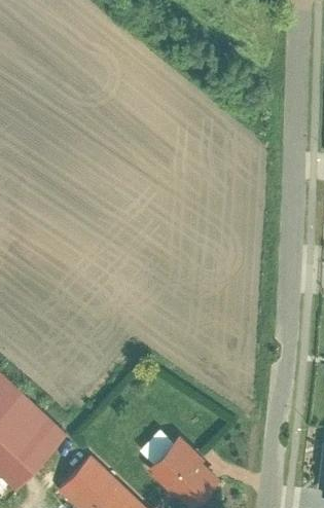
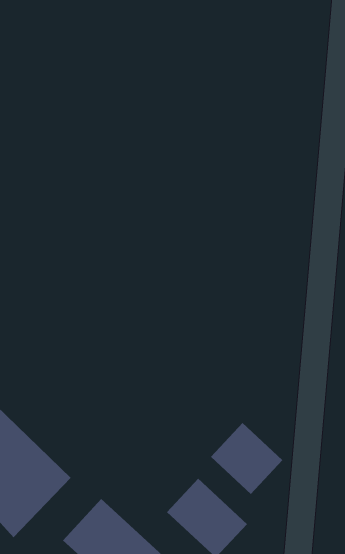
building: none -> [210,422,283,495]

